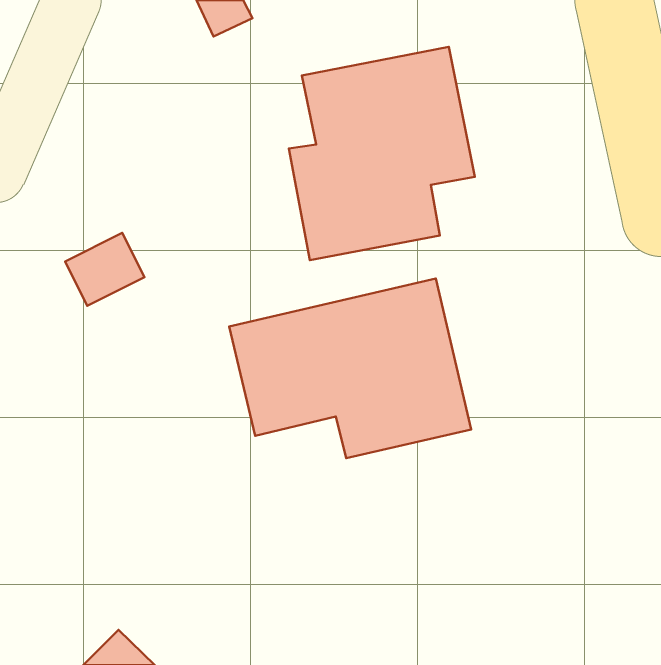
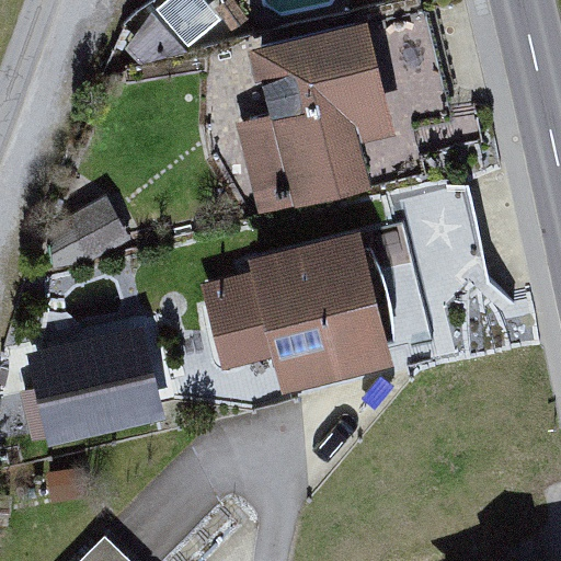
building: none -> [22,329,161,438]

